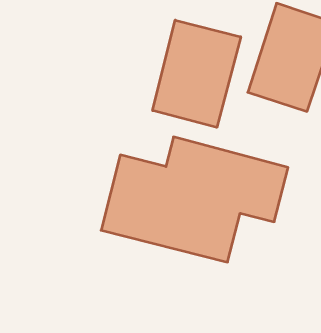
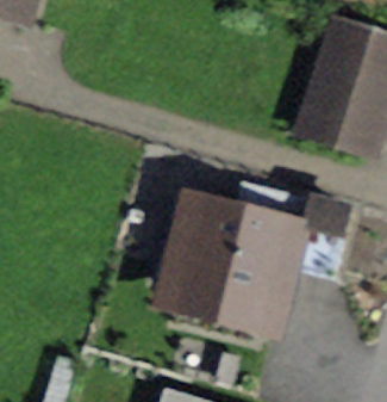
building: [153,20,241,127] -> none

